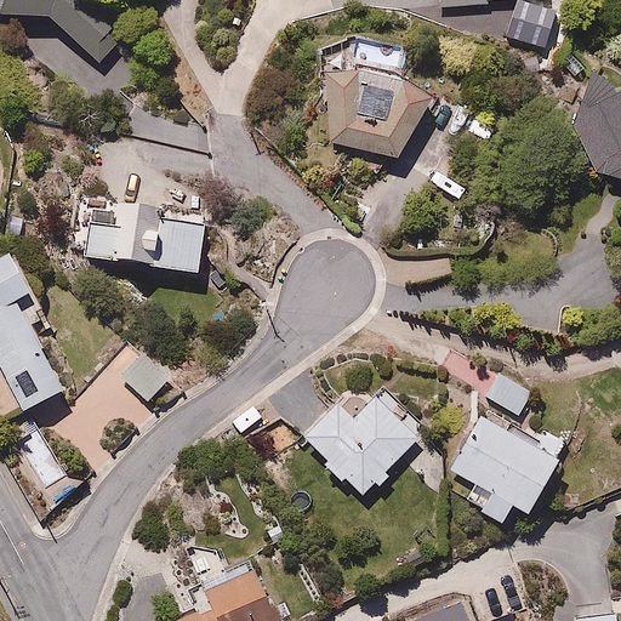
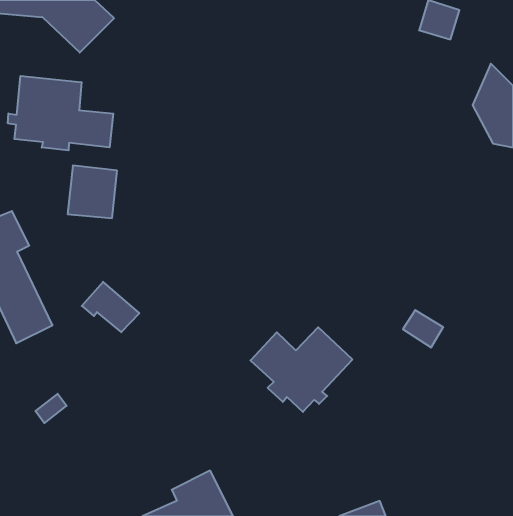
building: [327,69,438,159] -> none
building: none -> [8,76,113,150]
building: [141,217,204,275] -> none
building: [448,412,570,525] -> none

